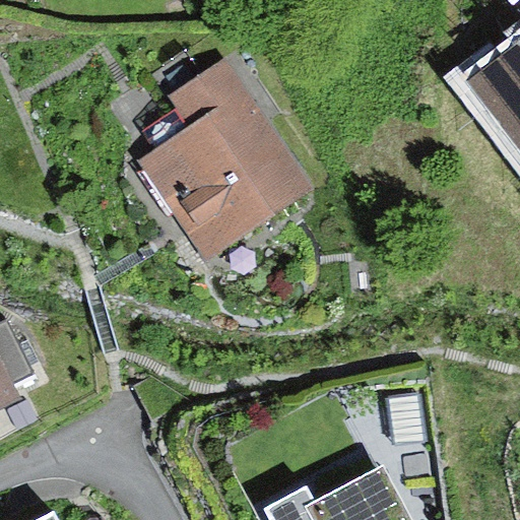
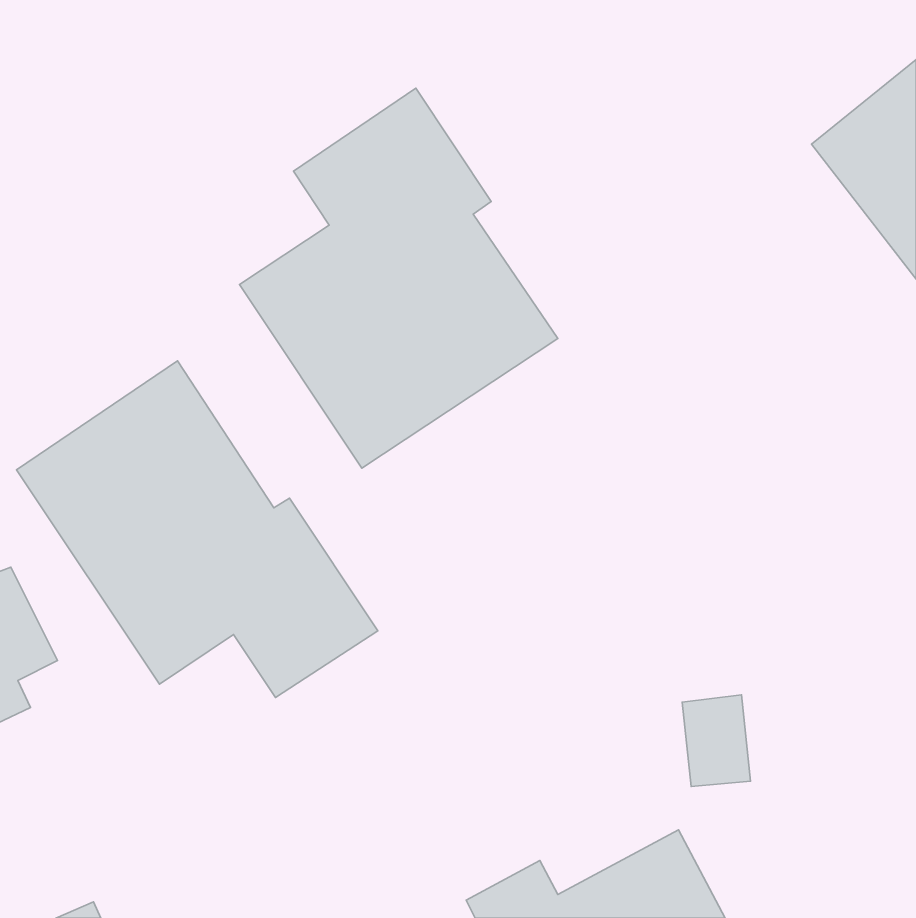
building: none -> [17,361,378,697]

